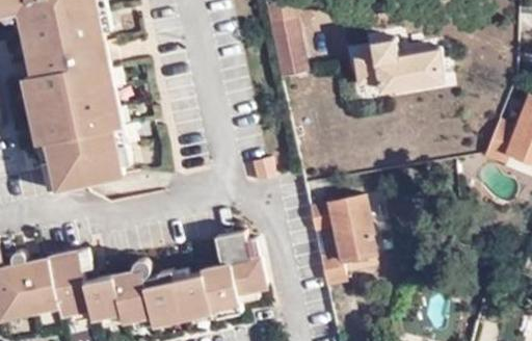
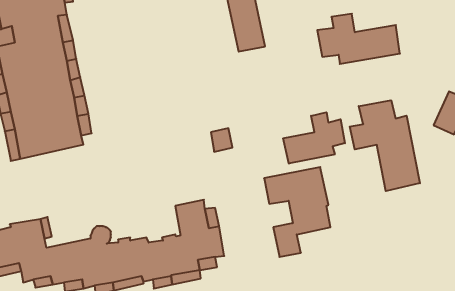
building: none -> [350,100,420,191]
building: none -> [283,112,345,164]

